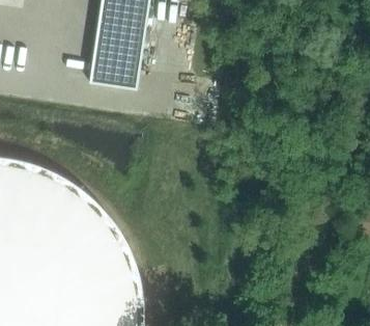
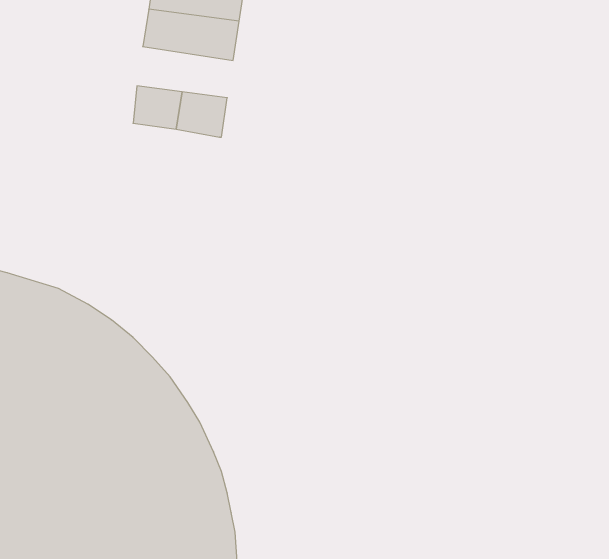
building: [90,43,141,70] -> none

